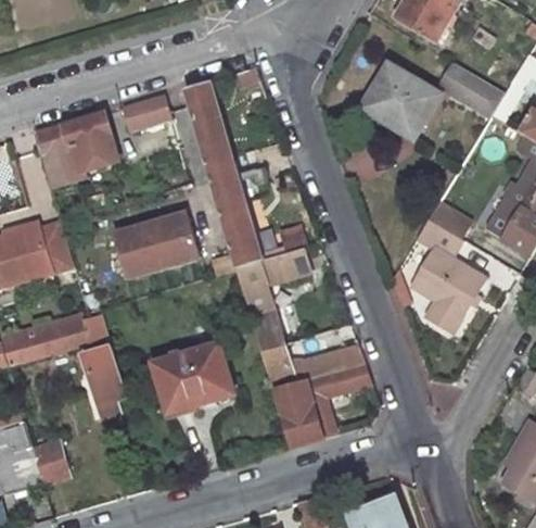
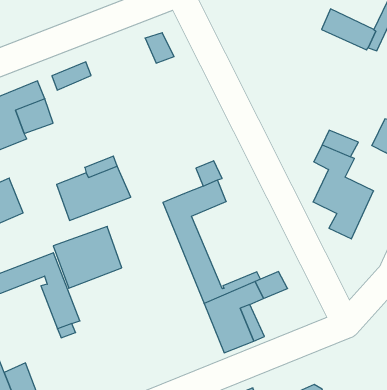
building: [367,63,441,137] -> none
building: [184,83,261,268] -> none
building: [154,345,231,413] -> [53,226,122,288]

